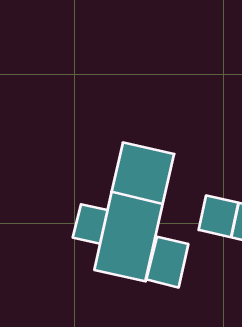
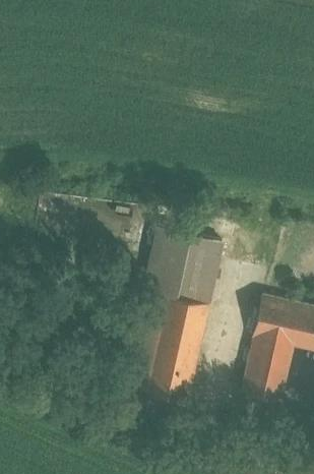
building: [73,204,107,244] -> none
building: [146,237,188,287] -> [243,335,296,398]

